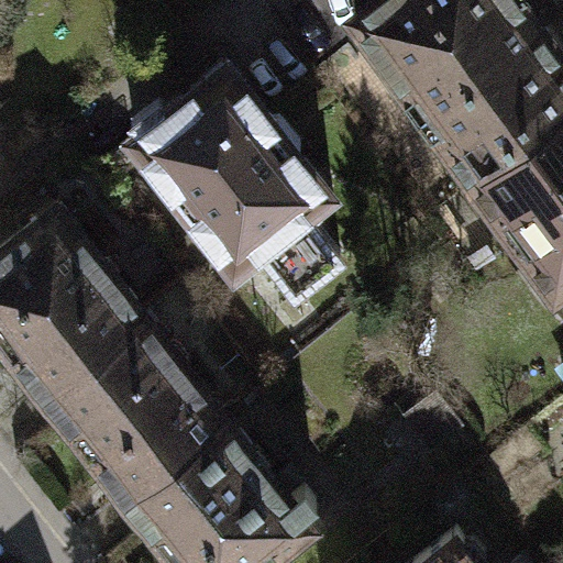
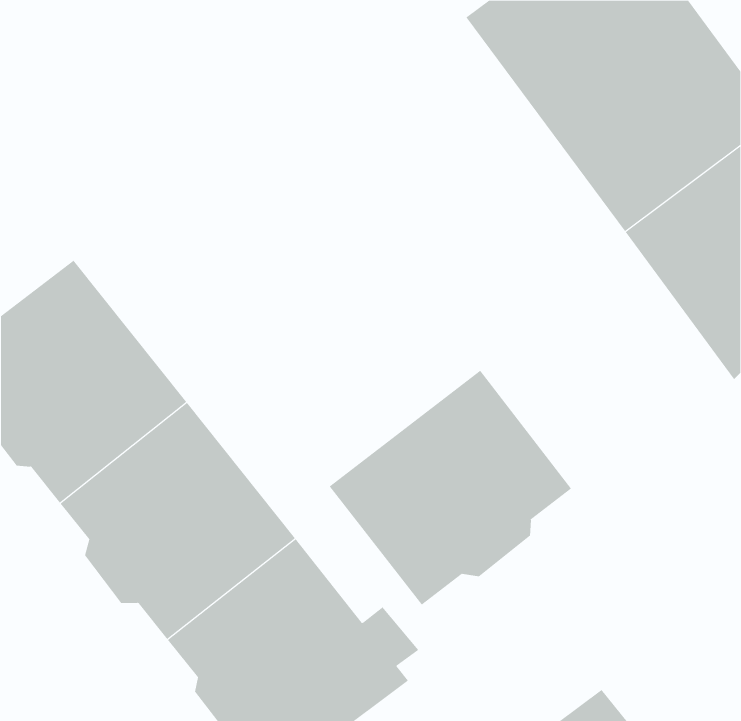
building: [131,71,341,298] -> none
building: none -> [329,370,572,605]

